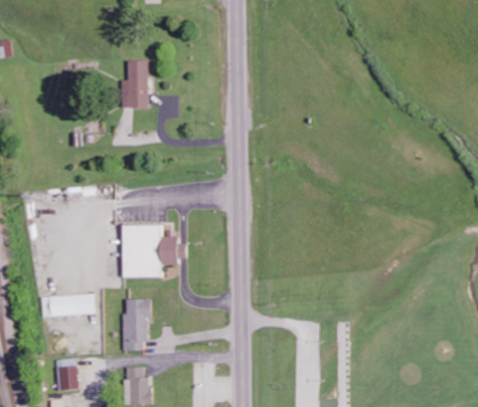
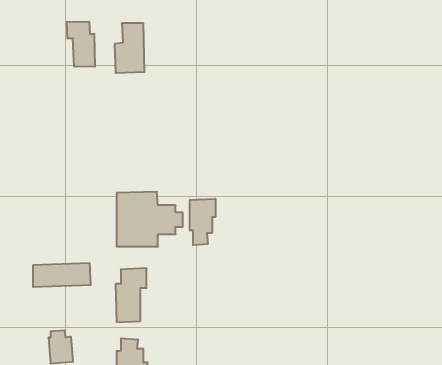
building: none -> [67,22,95,67]
building: none -> [190,199,215,245]

